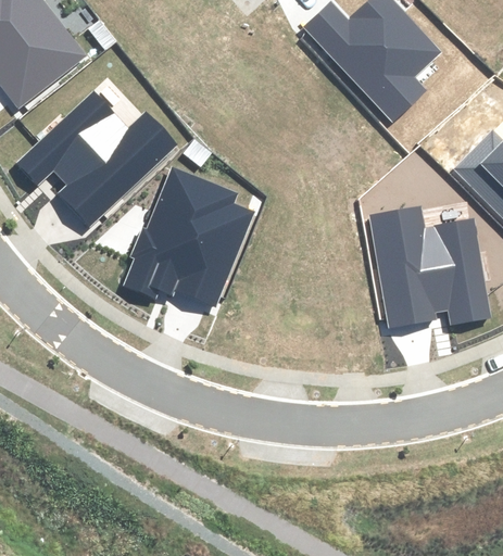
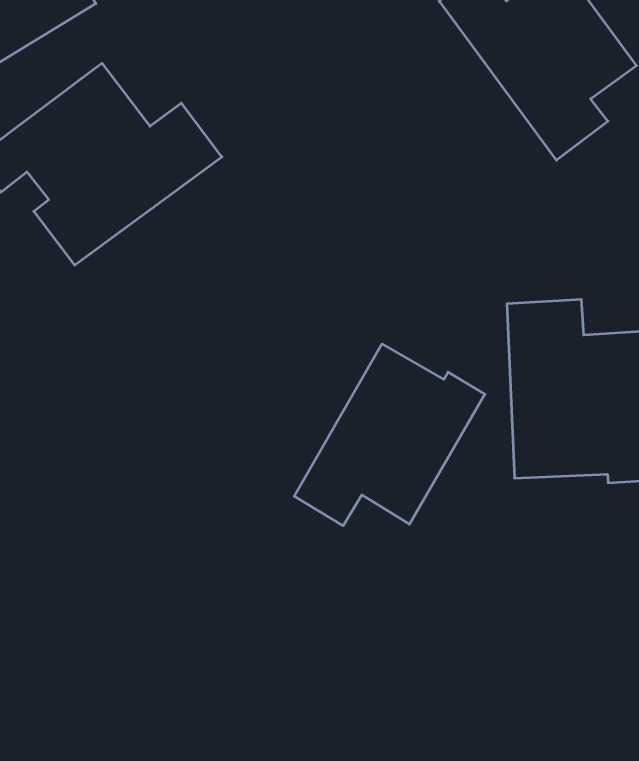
building: [124,166,254,306] -> none
building: none -> [294,344,485,526]

